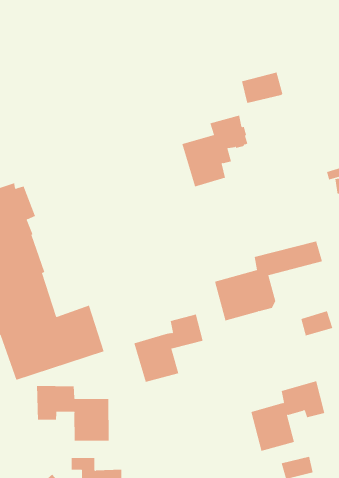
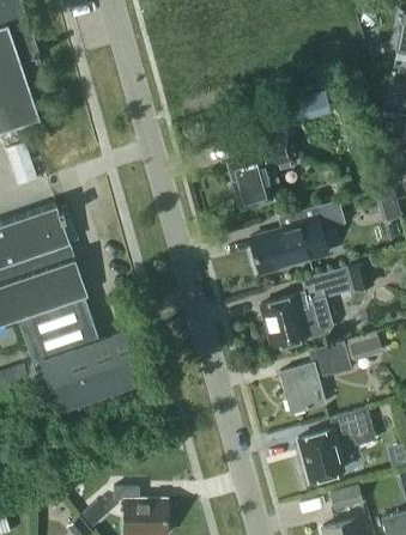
building: none -> [249,202,344,275]
building: [134,314,204,383] -> [279,345,351,415]
building: [37,385,109,442] -> none

